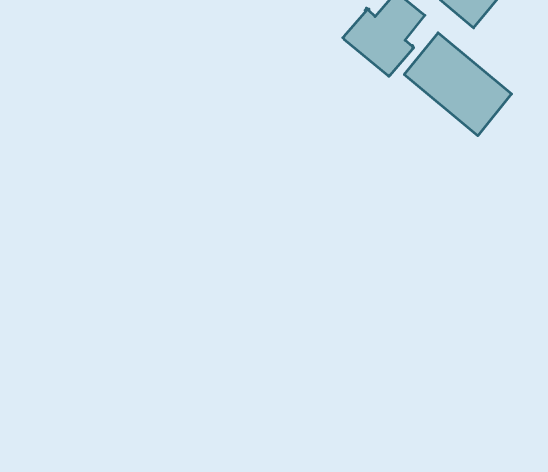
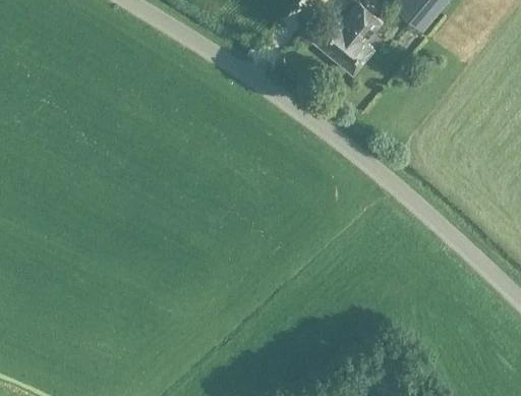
building: [404,33,512,136] -> none

